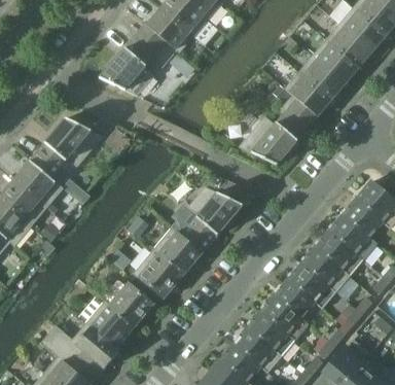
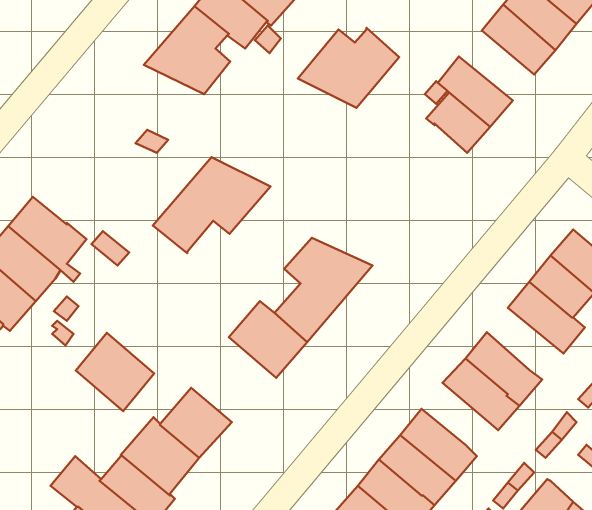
building: [297,56,345,100] -> none
building: [239,114,302,165] -> [298,28,399,108]
building: [29,117,103,178] -> [153,157,270,253]
building: [315,231,363,276] -> none
building: [133,249,182,299] -> [76,333,154,411]
building: [274,278,315,317] -> none

